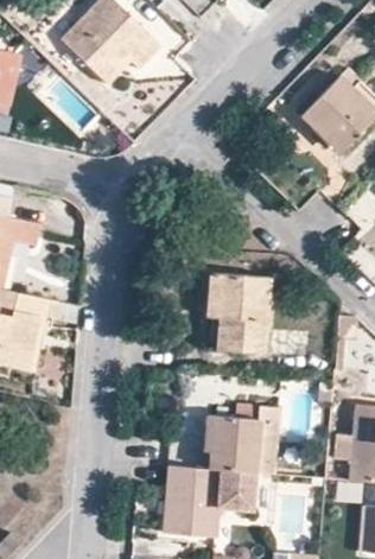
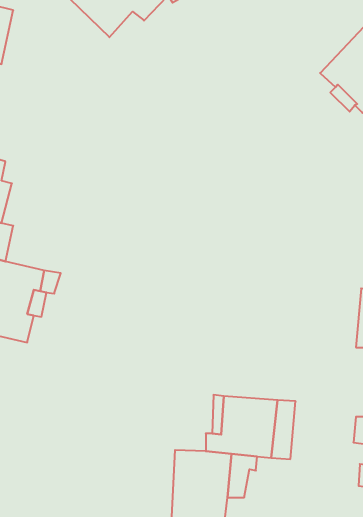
building: [214,275,275,356] -> none

